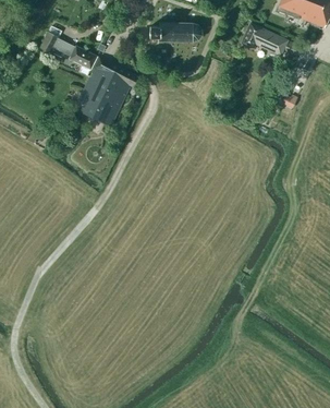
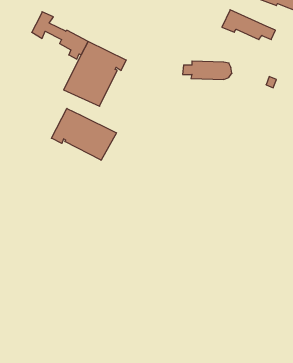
building: [149,22,201,41] -> [183,61,232,79]
building: none -> [51,108,116,160]

